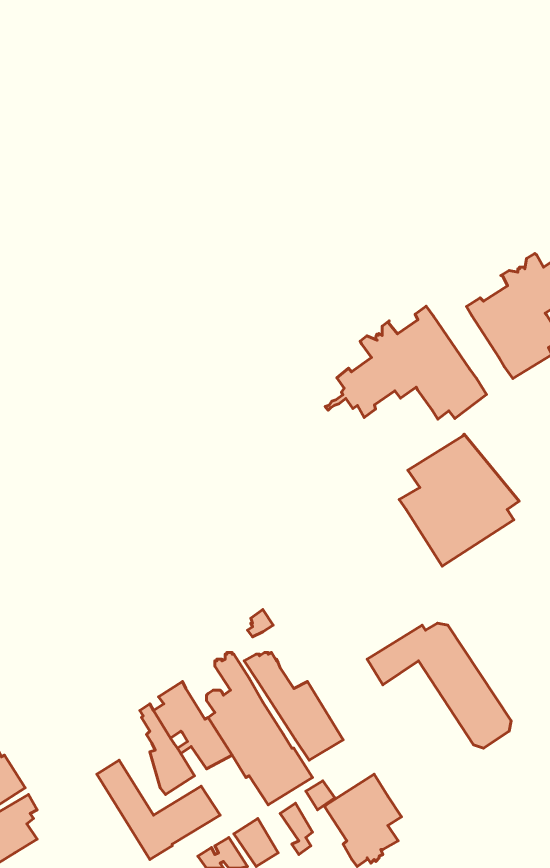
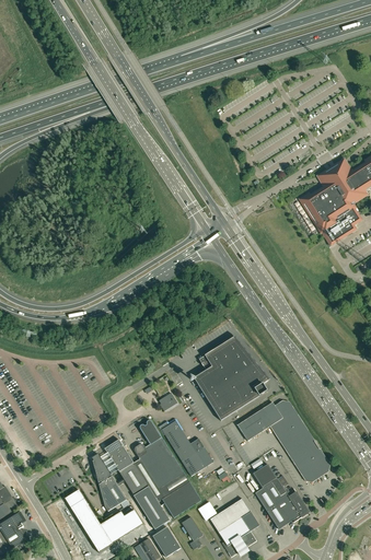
building: [325,306,487,419] -> none
building: [399,434,519,566] -> [194,336,270,420]
building: none -> [253,464,310,528]
building: none -> [134,486,170,529]

